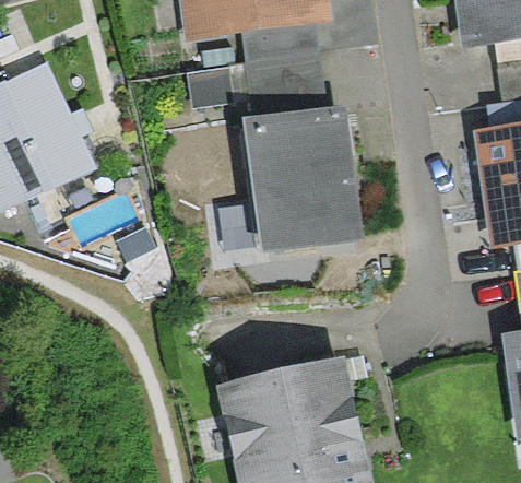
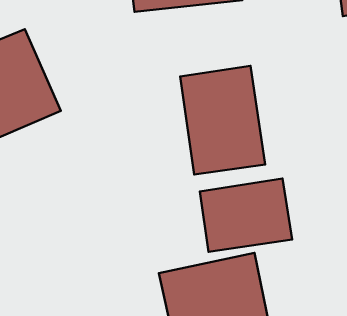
building: none -> [200,179,292,252]

